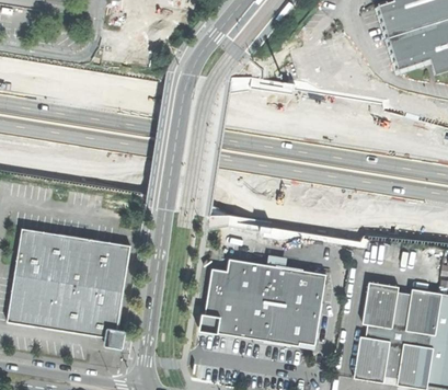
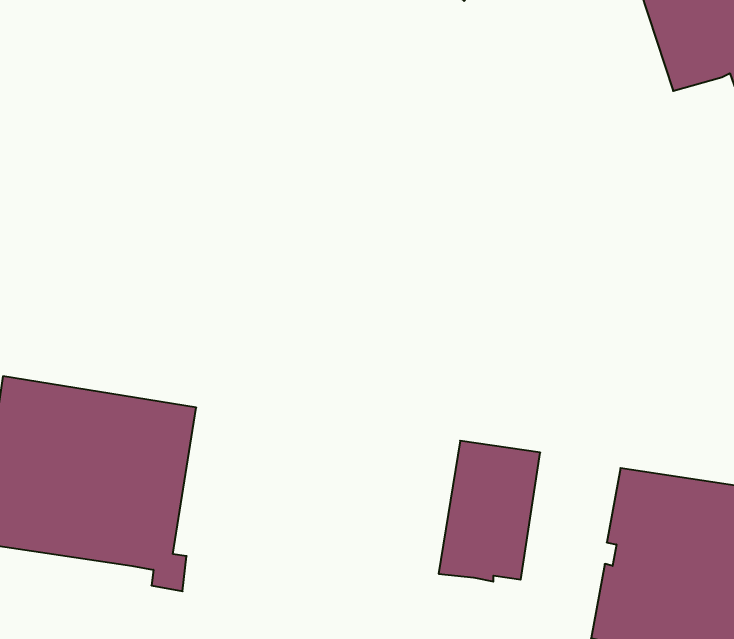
building: [198,256,279,340] -> none

